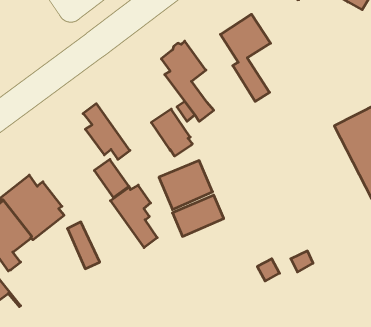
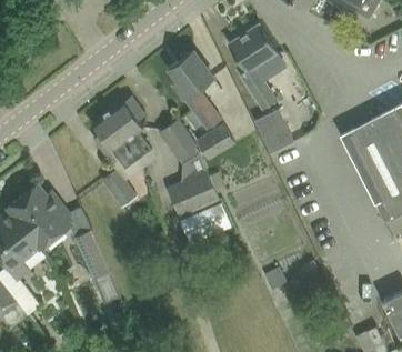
building: none -> [253,108,294,153]
building: none -> [197,124,235,160]
building: [110,185,157,248] -> [104,98,151,160]

